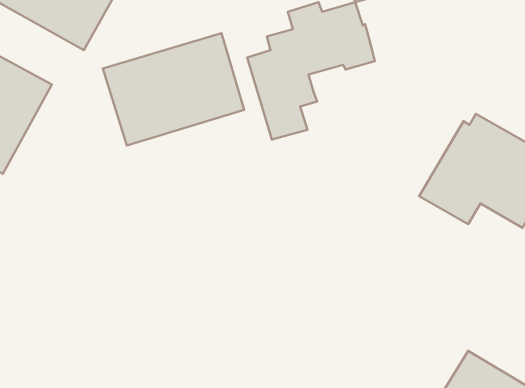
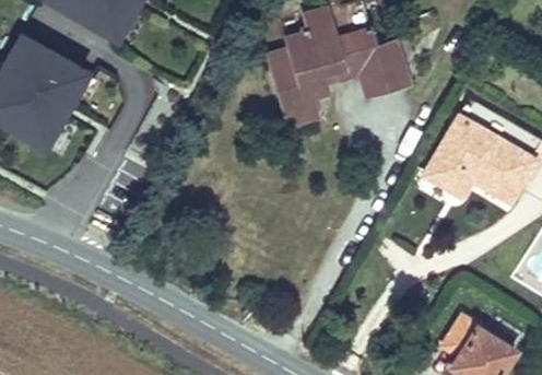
building: [103,33,244,145] -> none
building: none -> [320,38,411,97]

